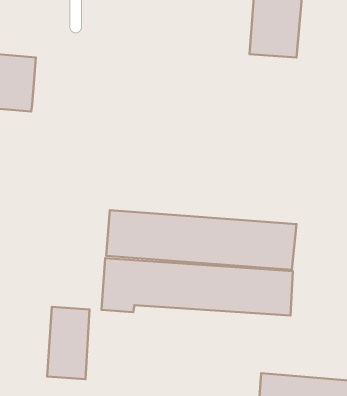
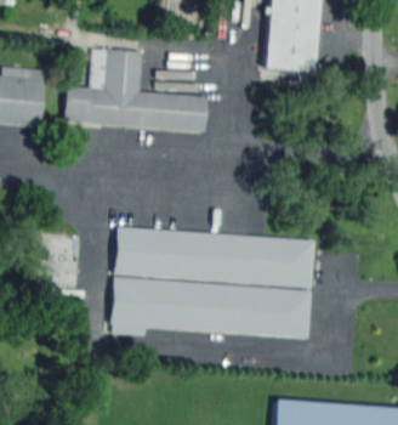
building: none -> [64,49,206,130]
building: [47,307,89,379] -> none

